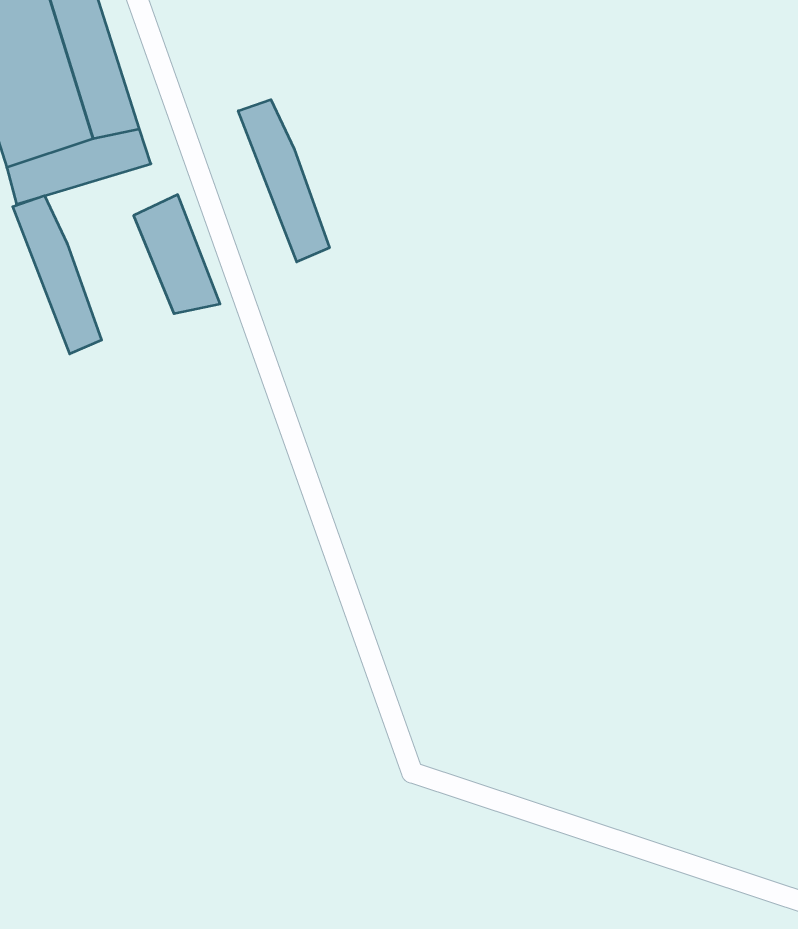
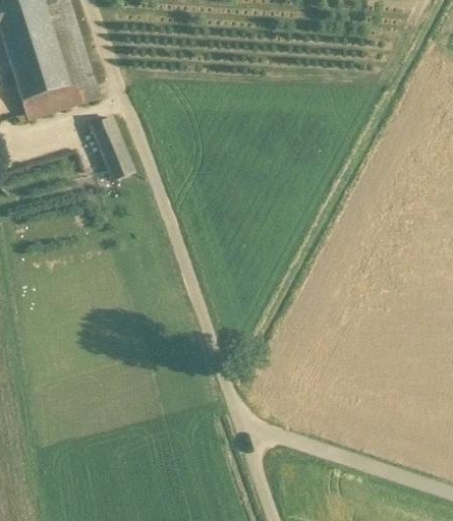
building: [238,100,329,262] -> none
building: [13,196,102,354] -> none

